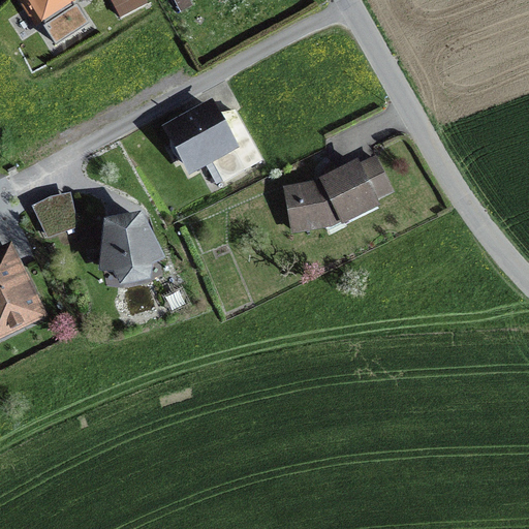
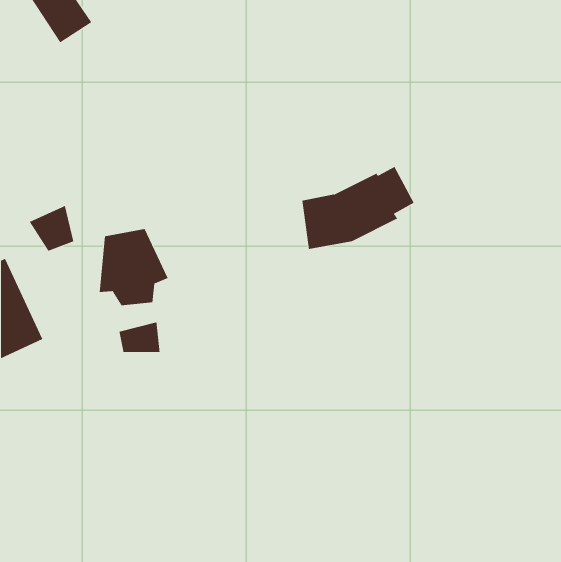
building: [161,98,237,175] -> none
building: none -> [119,322,160,353]

